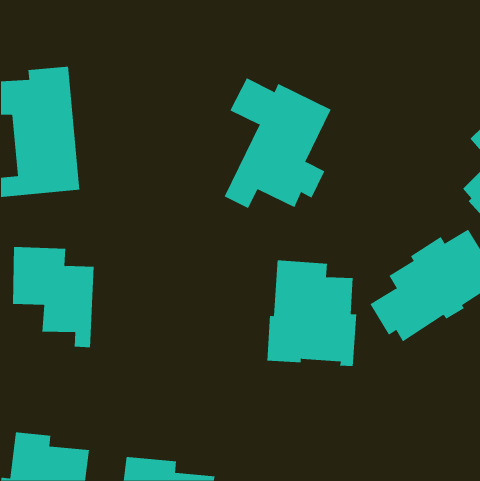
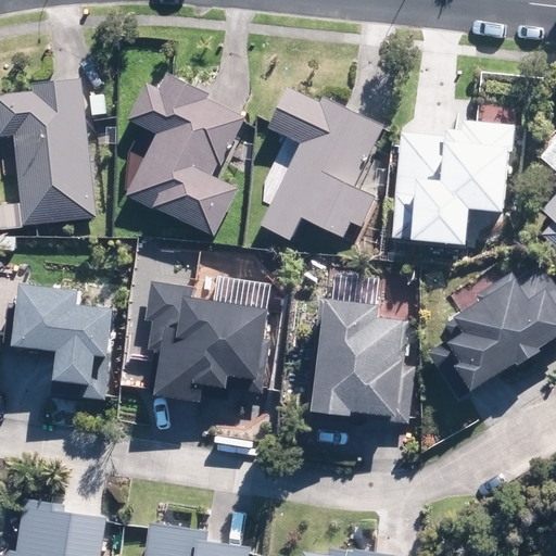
building: none -> [125,74,244,240]
building: none -> [391,112,509,247]
building: none -> [147,279,266,402]

